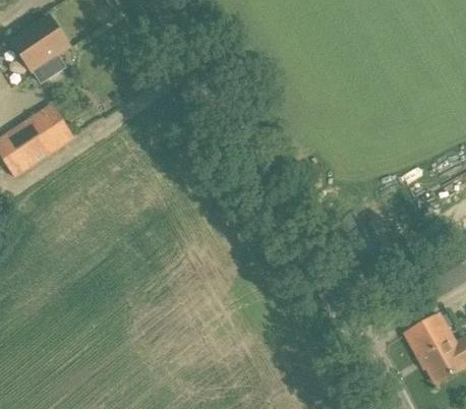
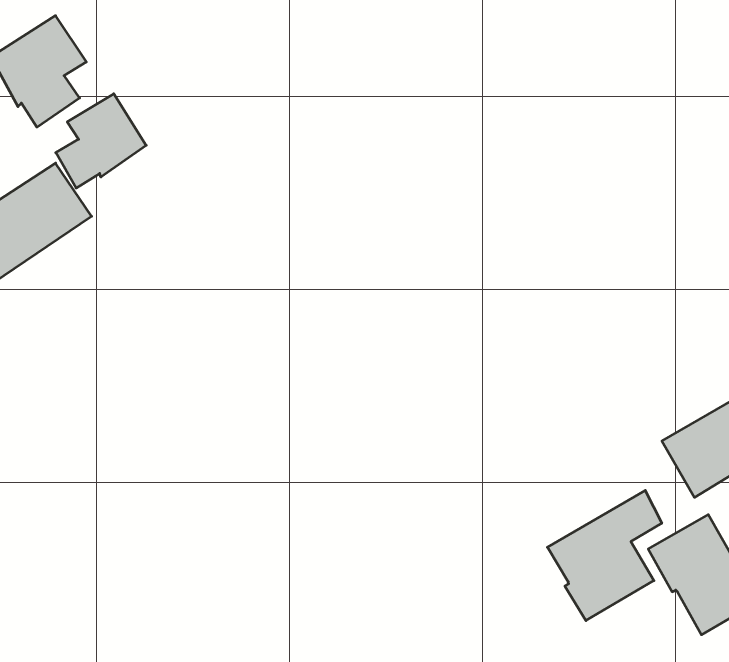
building: none -> [56,94,146,188]
building: none -> [547,490,662,621]

